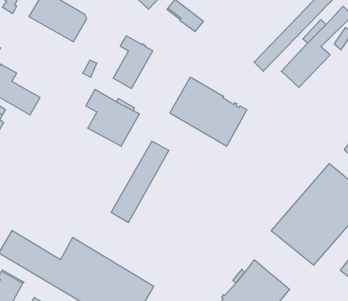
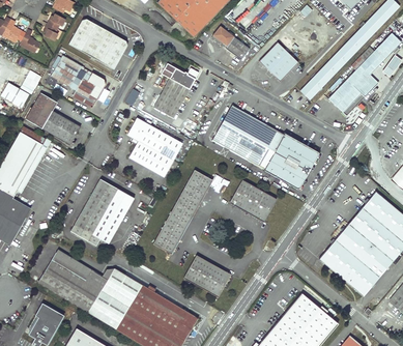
building: none -> [259,42,297,80]
building: none -> [50,54,106,106]
building: none -> [271,138,319,191]
building: none -> [75,177,135,242]
building: none -> [231,180,278,222]
building: none -> [52,251,114,291]
building: none -> [182,255,229,295]

